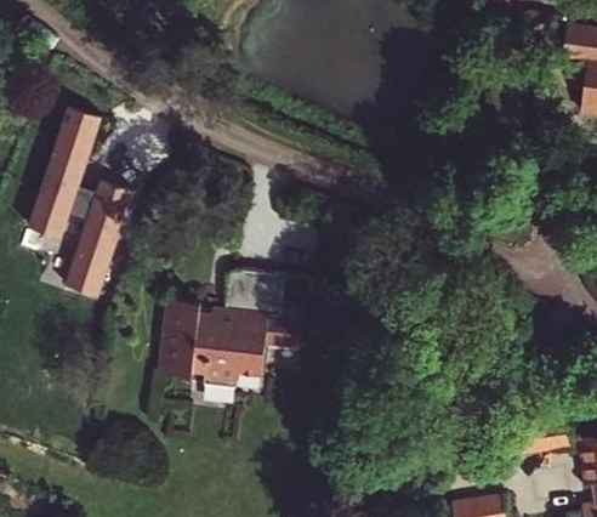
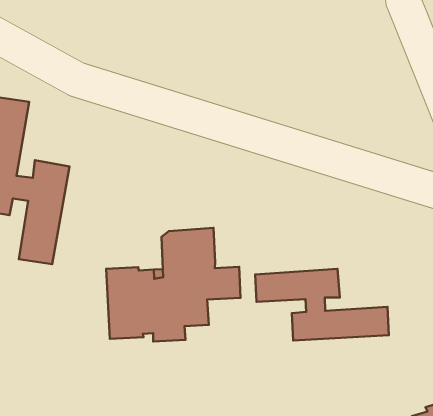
building: none -> [255,269,389,340]

